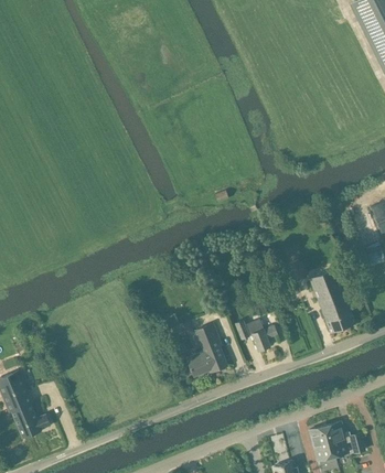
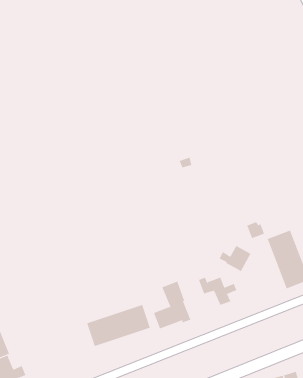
building: none -> [219,245,251,272]
building: none -> [87,304,150,347]

